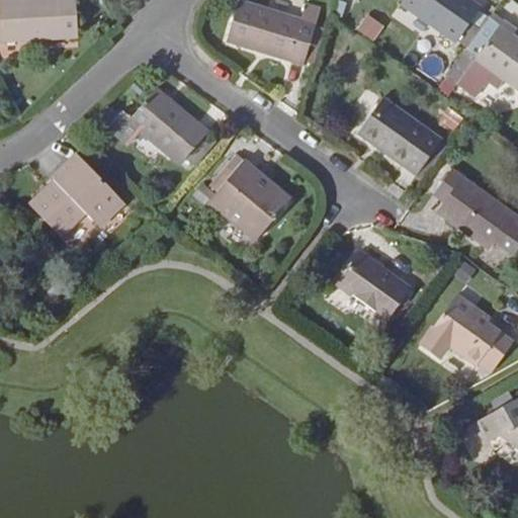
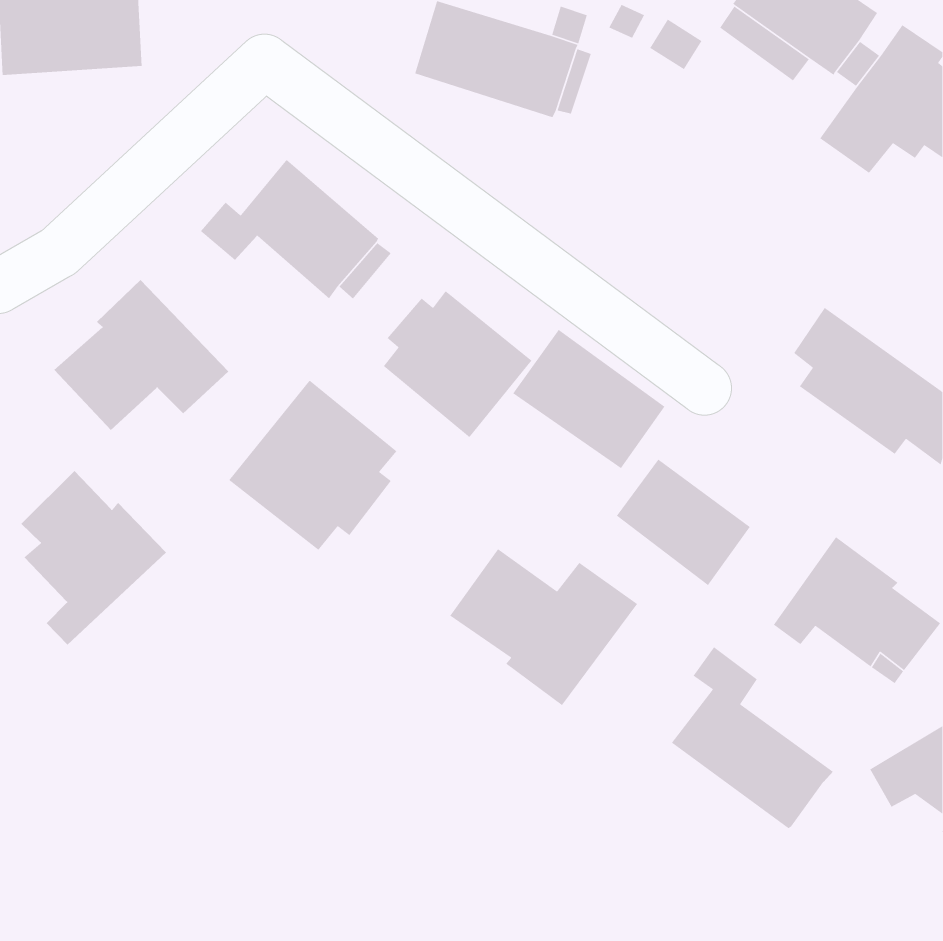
building: [358,98,442,175] -> [512,329,666,469]
building: none -> [228,380,398,551]
building: none -> [21,470,167,646]
building: none -> [449,548,638,706]
building: none -> [671,646,834,829]

